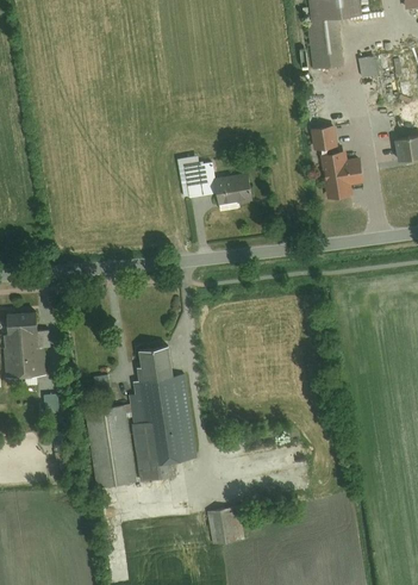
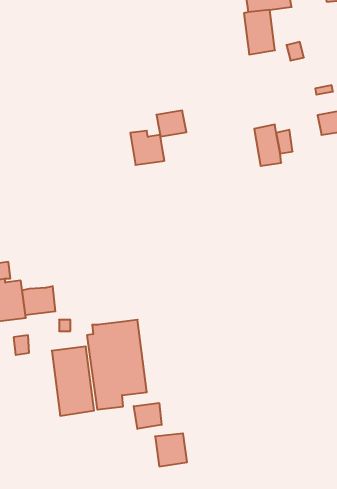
building: [310,126,337,149] -> none
building: [214,174,249,204] -> [156,111,186,136]
building: none -> [22,286,55,315]
building: [135,346,168,381] -> none
building: none -> [134,403,162,429]

